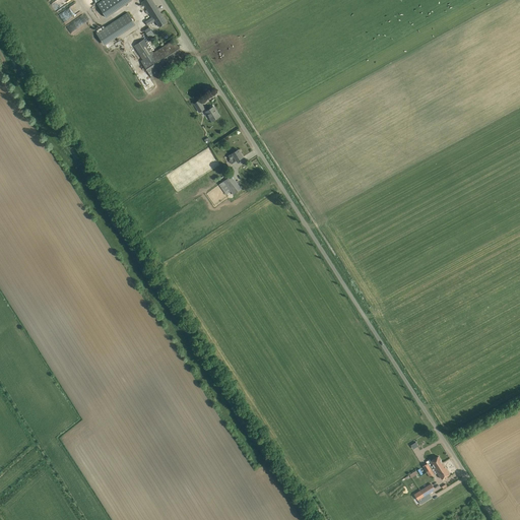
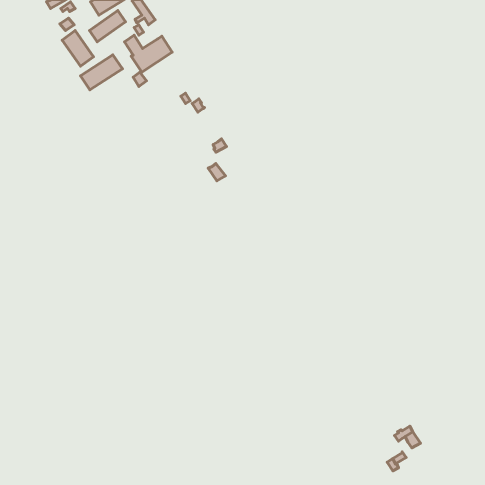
building: none -> [62,31,94,66]
building: none -> [80,55,122,90]

